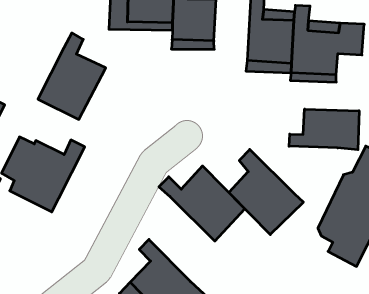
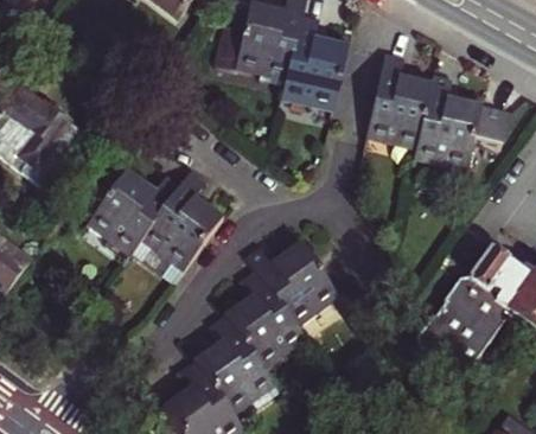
building: [38,33,106,119] -> [129,180,212,280]
building: [289,109,359,150] -> none
building: [229,149,303,235] -> [224,268,307,369]

